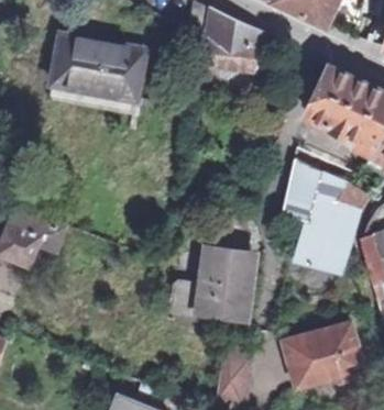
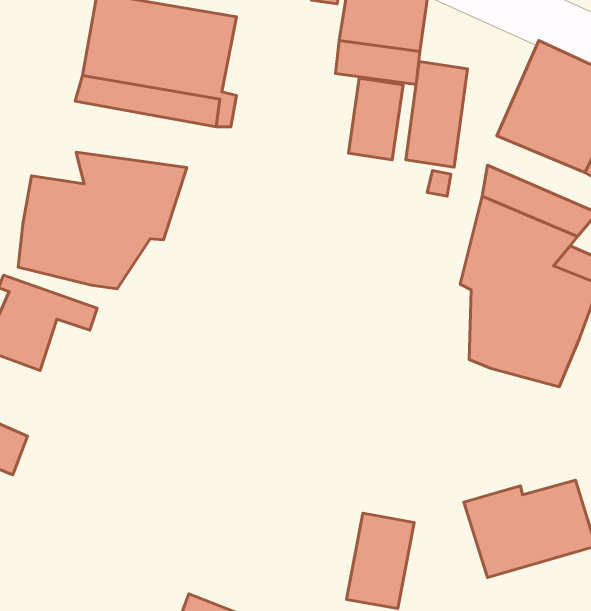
building: none -> [406,61,468,167]
building: none -> [349,78,403,160]
building: none -> [18,152,187,289]
building: [172,247,254,322] -> none

